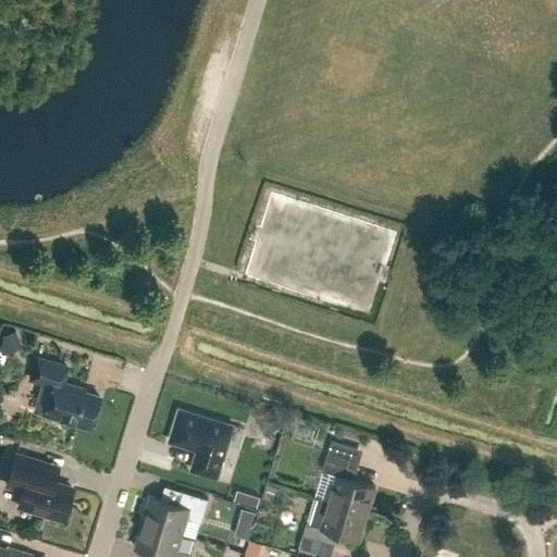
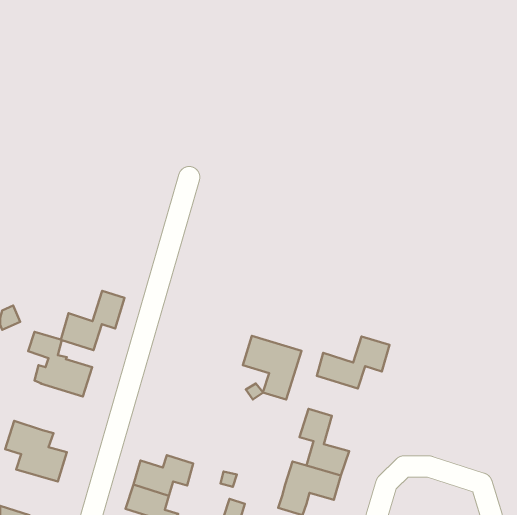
building: none -> [61,291,124,350]
building: none -> [317,336,389,389]
building: [170,410,233,479] -> [243,336,301,399]

